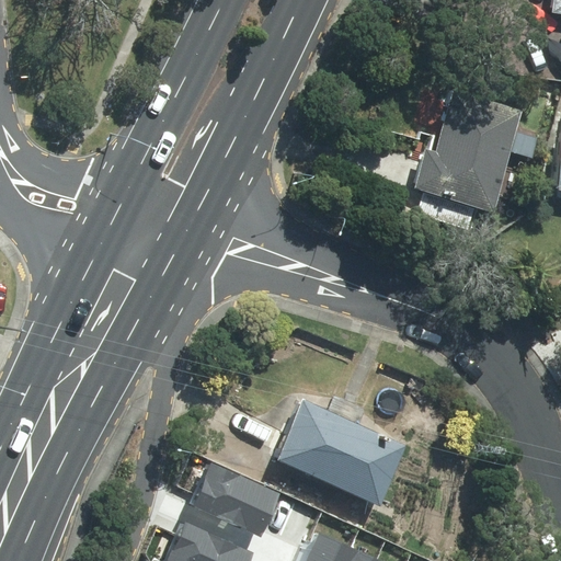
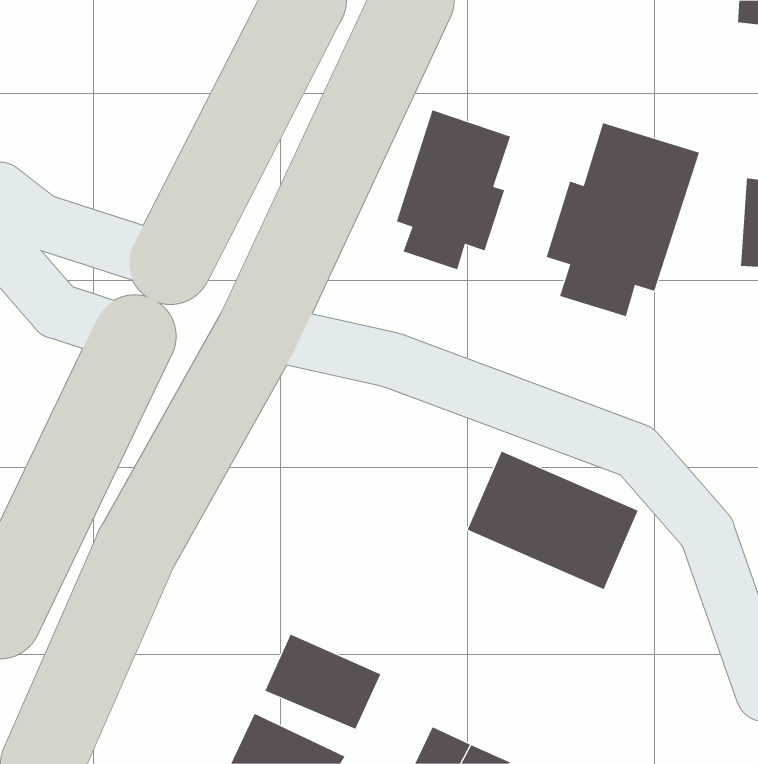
building: none -> [396,110,511,270]
building: [284,402,410,504] -> [467,451,639,590]

